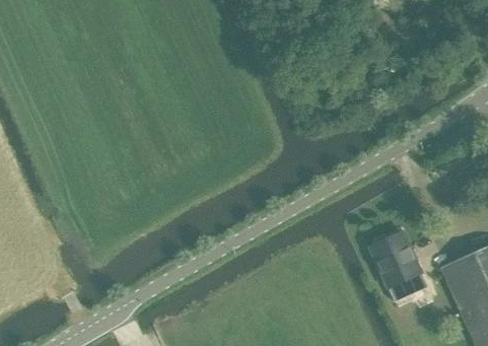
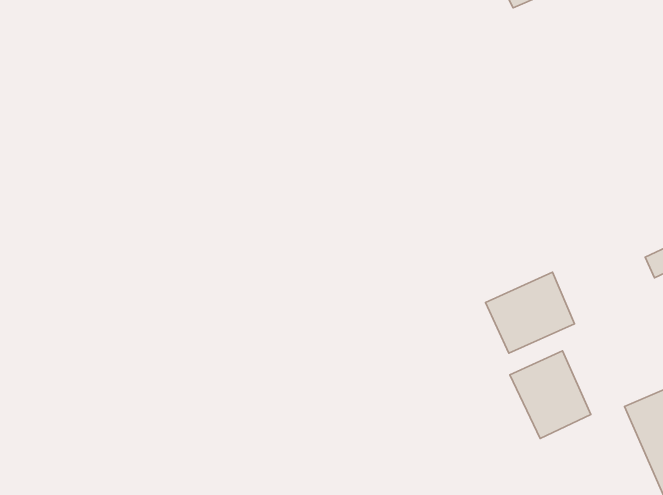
building: none -> [485,272,574,353]

